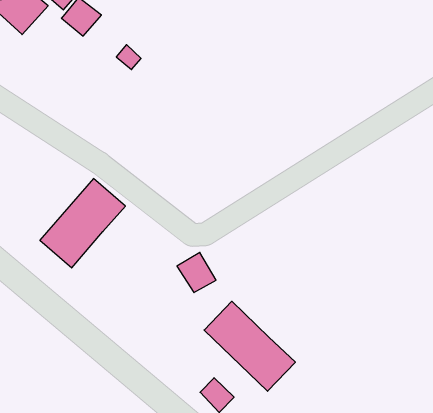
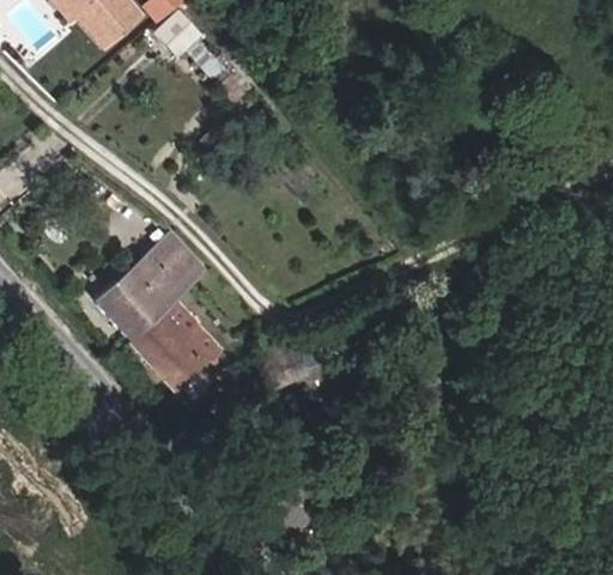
building: none -> [132,298,221,389]
building: [204,301,295,391] -> none

